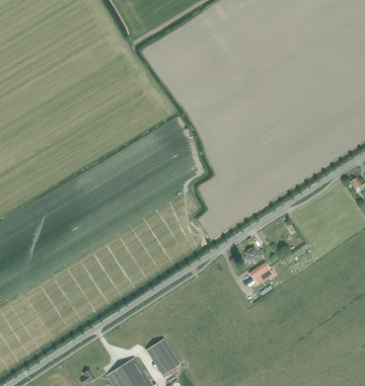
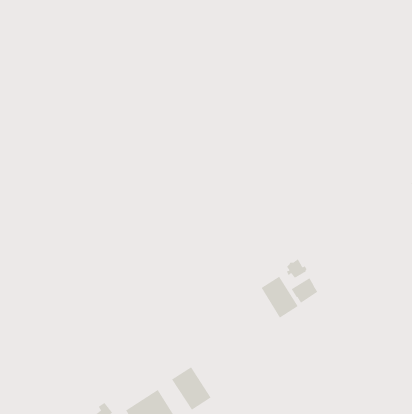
building: none -> [261,276,299,318]

